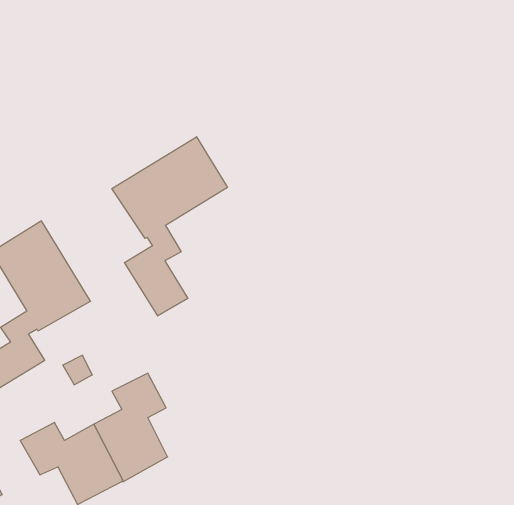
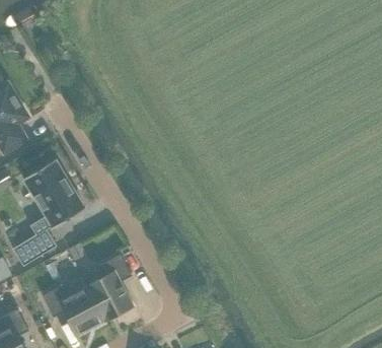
building: [112,137,227,316] -> none

